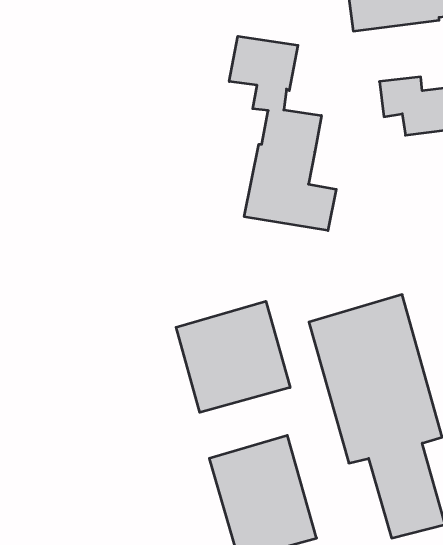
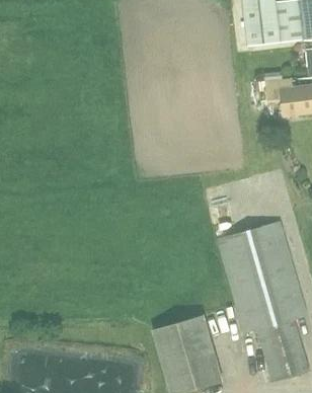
building: [229,36,336,231] -> none
building: [176,301,290,412] -> none

